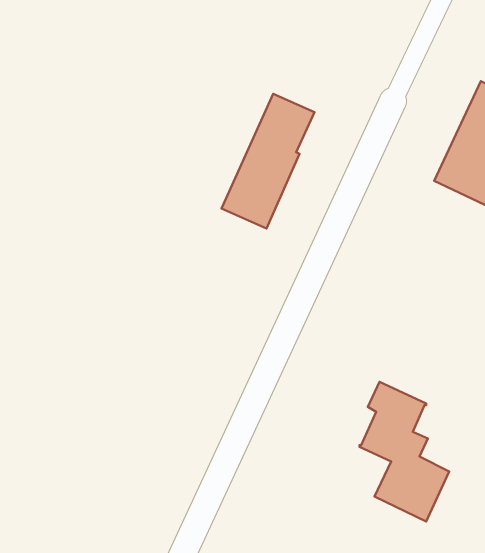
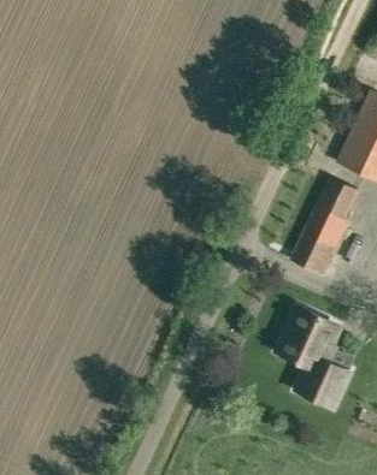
building: [221,94,315,228] -> [290,177,358,274]

